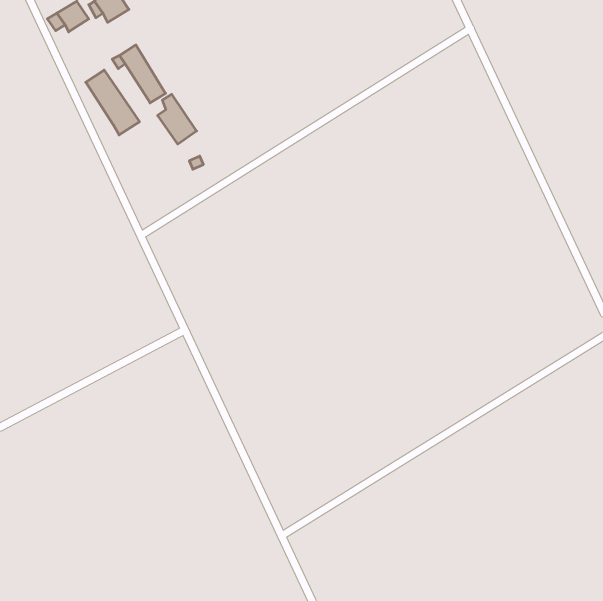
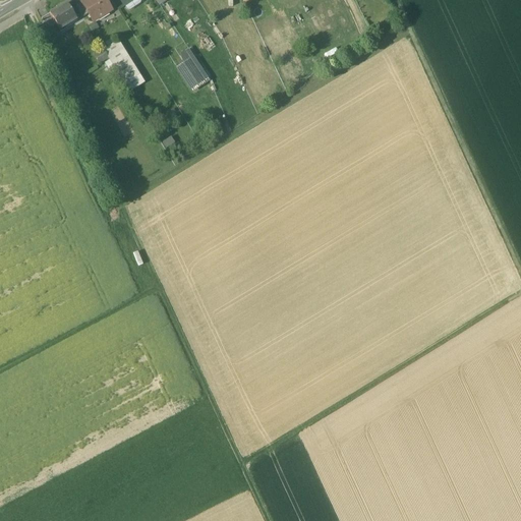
building: [86,70,139,135] -> none
building: [158,94,197,144] -> [176,47,210,90]

